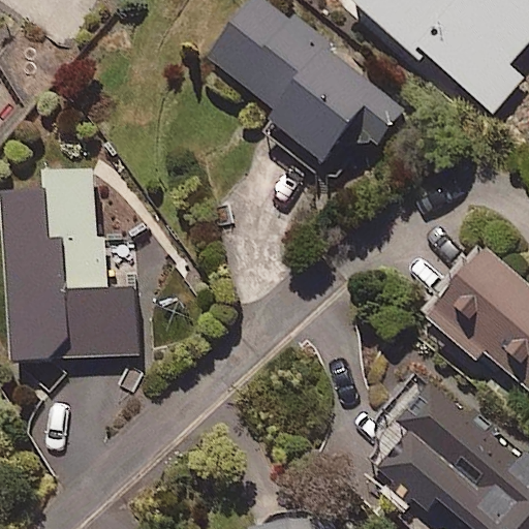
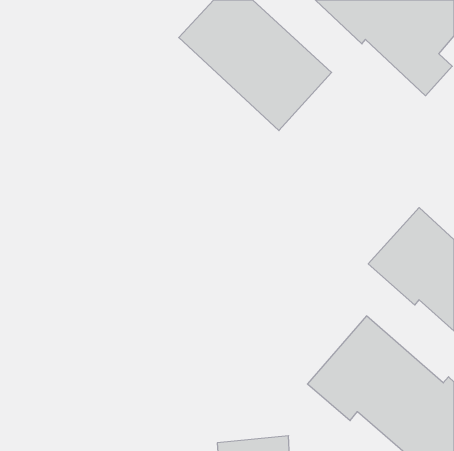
building: [4,166,137,361] -> none

